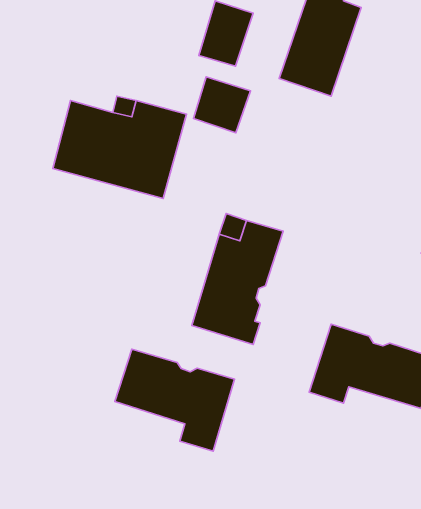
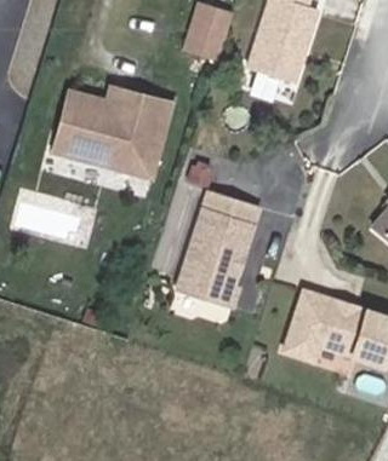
building: [193,77,251,133] -> none
building: [115,349,235,451] -> none

